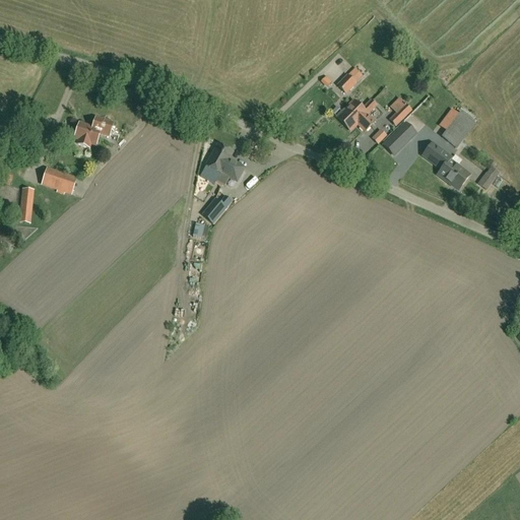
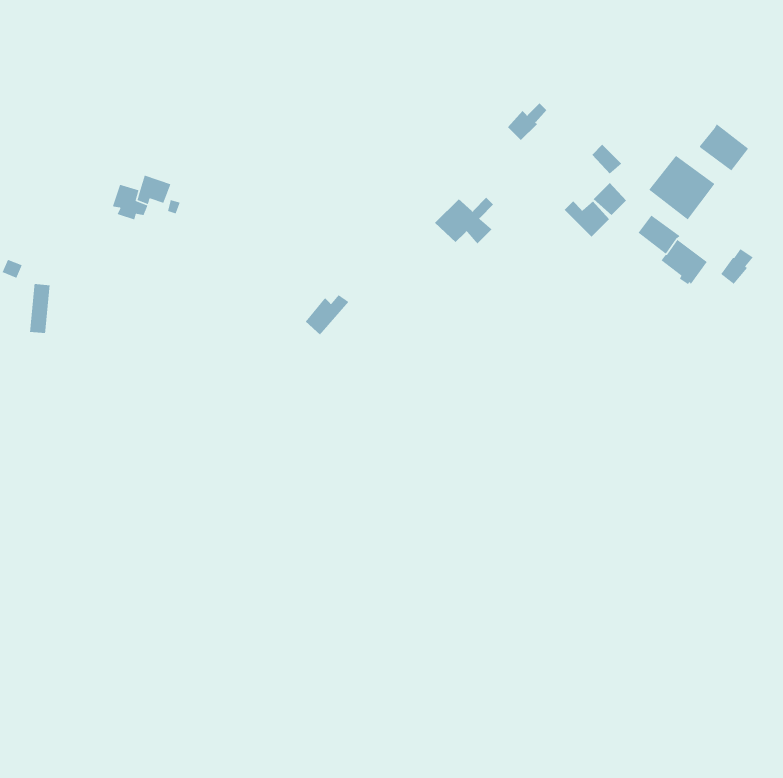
building: none -> [699,123,749,171]
building: [336,99,376,130] -> [434,197,494,244]
building: [200,143,244,184] -> none
building: [42,168,77,193] -> none

